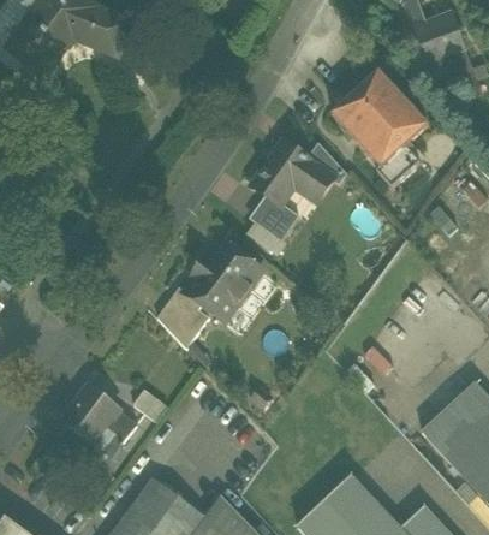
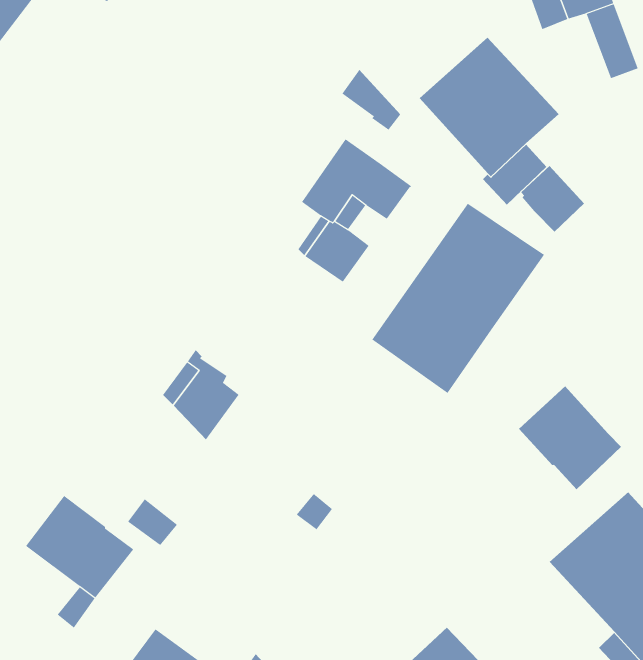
building: [306,141,347,183] -> [342,69,401,130]
building: none -> [521,165,585,232]
building: none -> [372,203,545,394]
building: [184,239,263,321] -> none
building: none -> [518,385,622,490]

